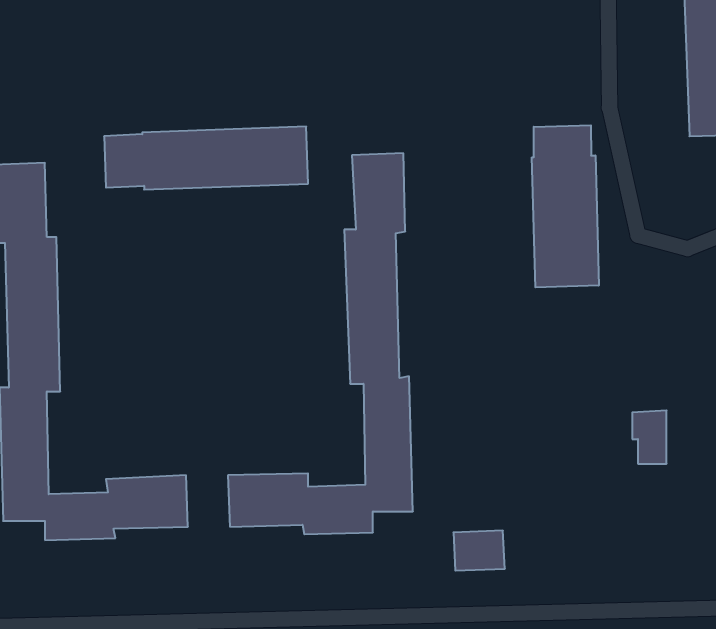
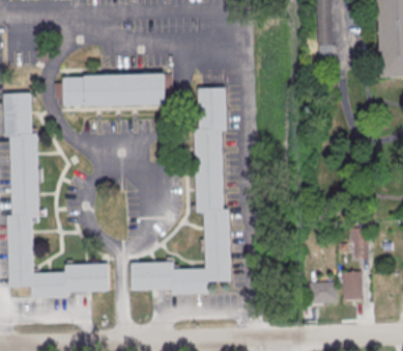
building: [532,125,599,287] -> none
building: none -> [342,271,363,301]
building: [453,531,505,571] -> [310,281,338,303]

